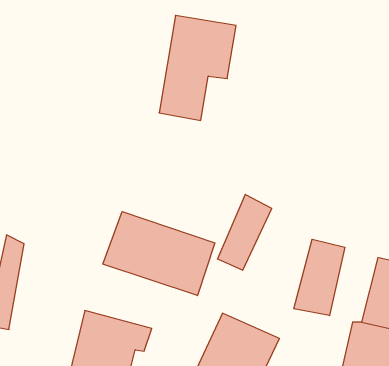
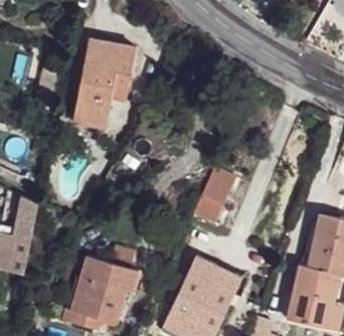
building: [159,15,236,120] -> [73,42,135,126]
building: [103,212,215,296] -> none
building: [294,239,345,316] -> none

